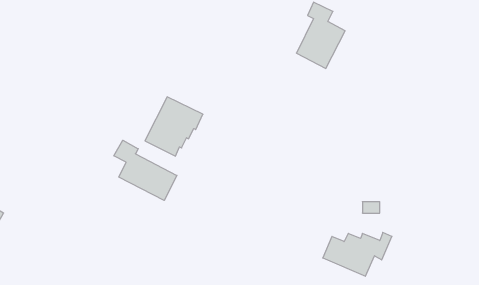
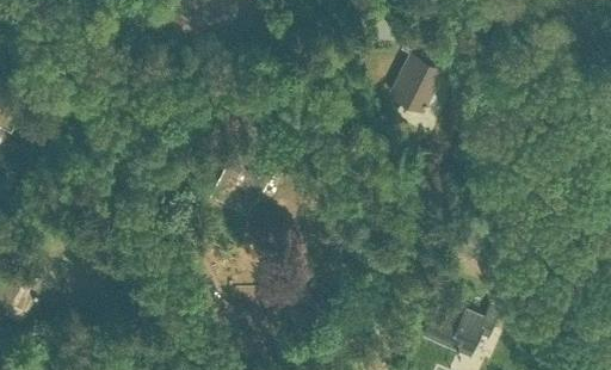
building: [114,140,177,200] -> none

